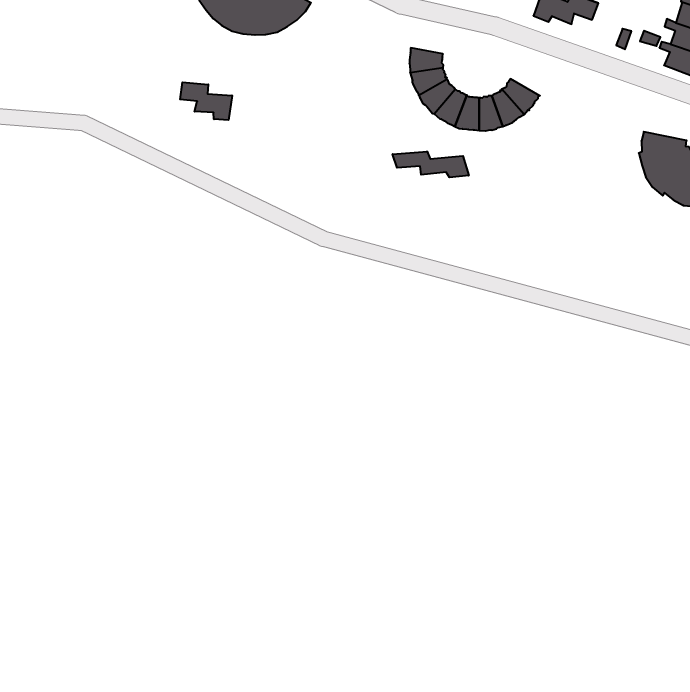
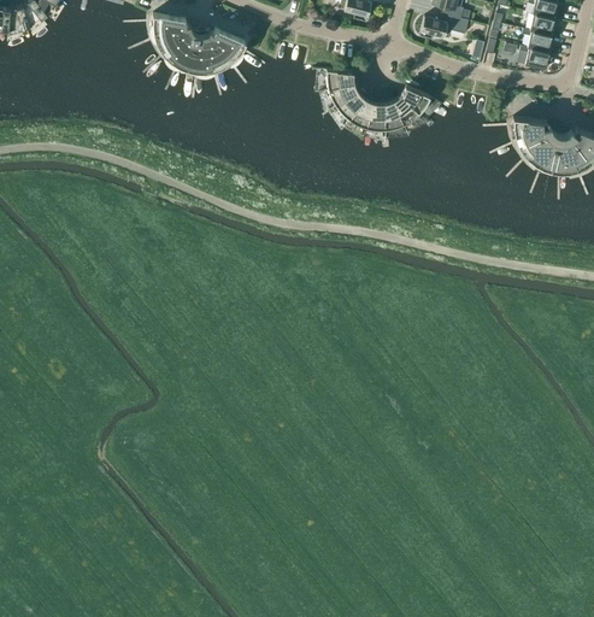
building: [180,82,232,120] -> none
building: [393,151,469,177] -> none

